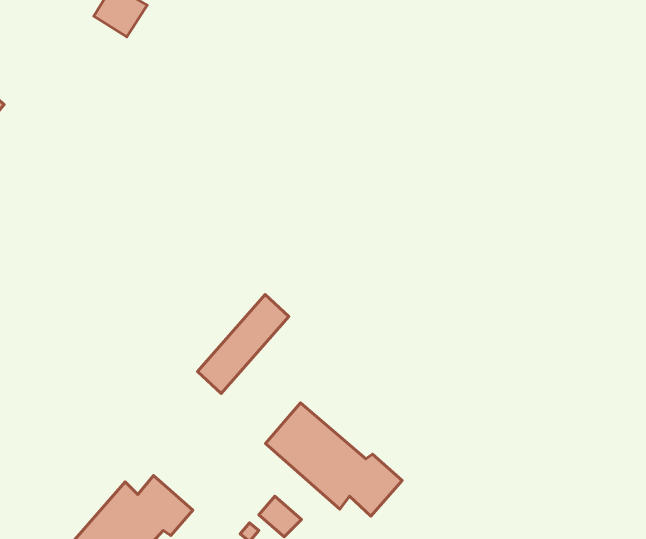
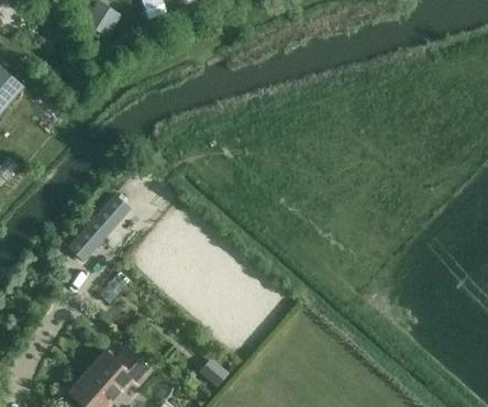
building: [197,295,289,394] -> [67,193,131,262]
building: [265,403,402,516] -> none

